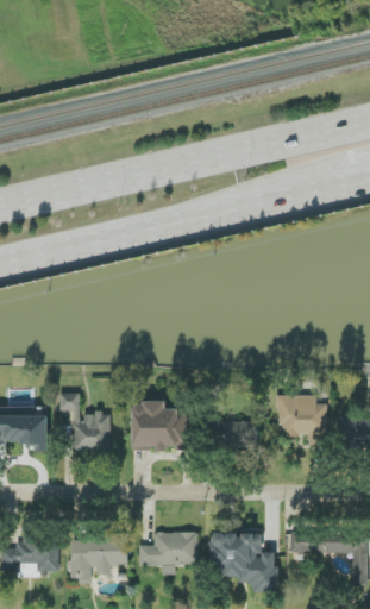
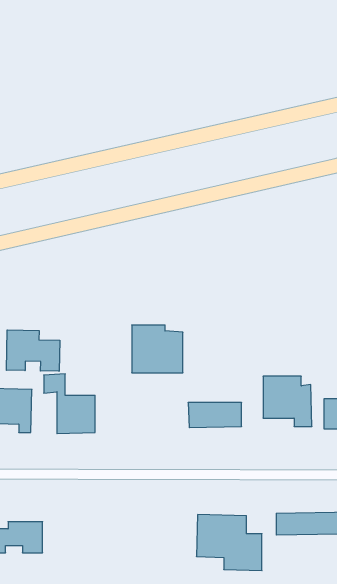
building: none -> [6,330,60,371]
building: [131,402,182,450] -> [132,325,183,373]
building: [138,532,197,575] -> none
building: [70,535,127,583] -> none

